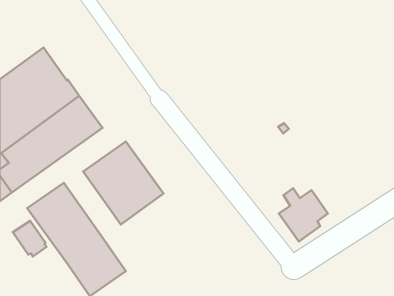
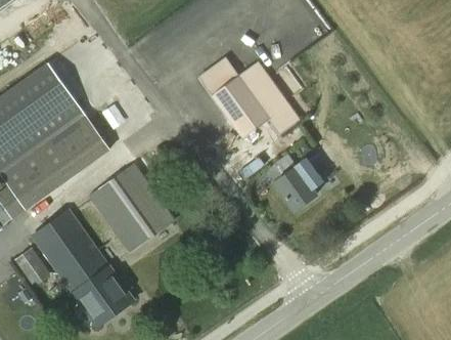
building: none -> [198,58,301,137]
building: [279,188,328,242] -> [272,155,324,211]

